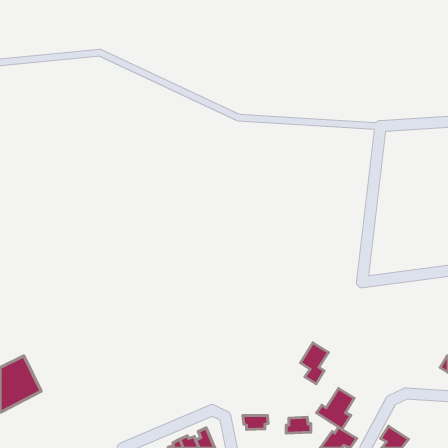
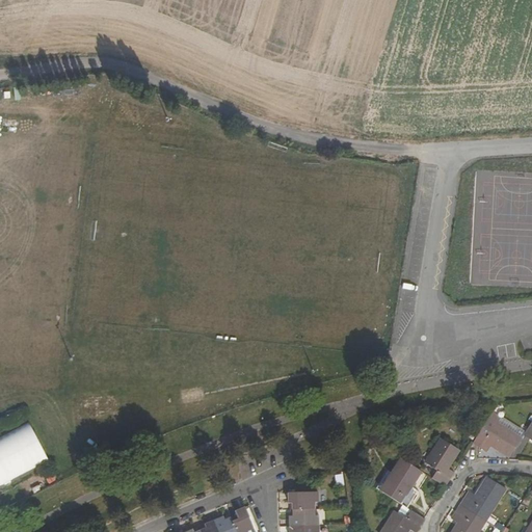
building: [300,343,329,384] -> [425,438,458,487]
building: none -> [472,423,520,456]
building: none -> [460,479,504,521]
building: [286,417,311,433] -> [289,508,318,527]

